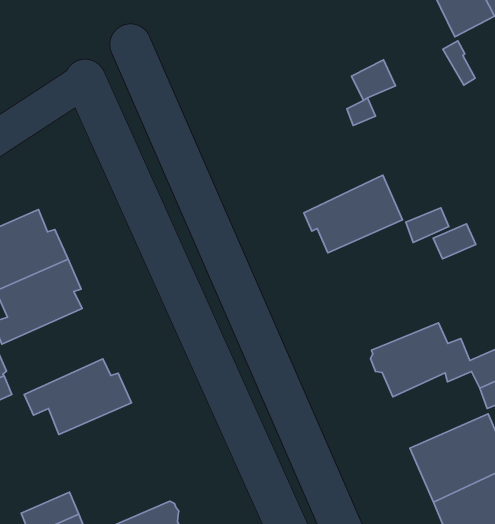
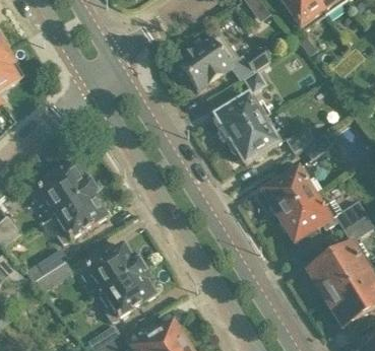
building: none -> [177,33,238,89]
building: none -> [215,92,264,141]
building: none -> [263,163,315,215]
building: none -> [104,266,154,320]

